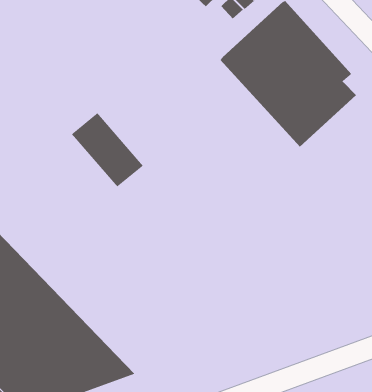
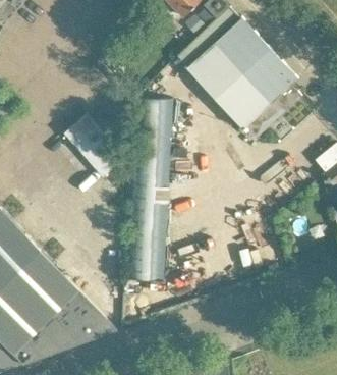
building: none -> [127,98,173,282]

